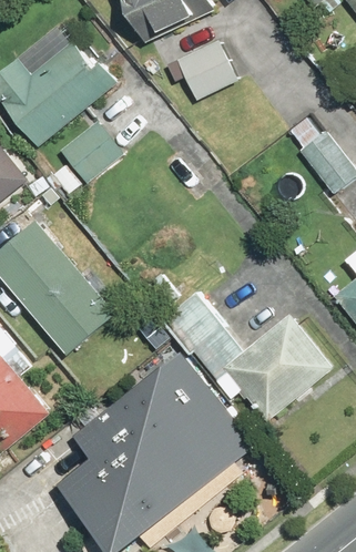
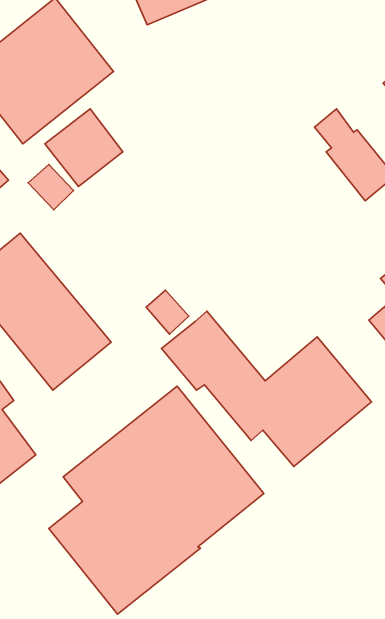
building: [173,37,237,101] -> none

